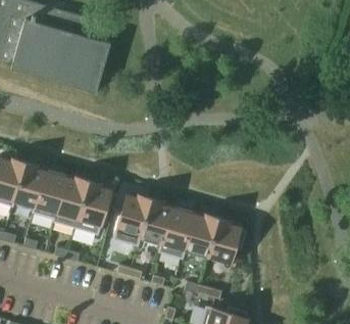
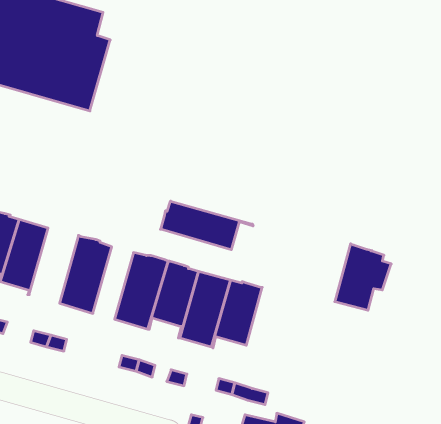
building: none -> [160,201,253,250]
building: [53,175,88,228] -> none
building: [206,217,246,264] -> [335,244,391,310]

